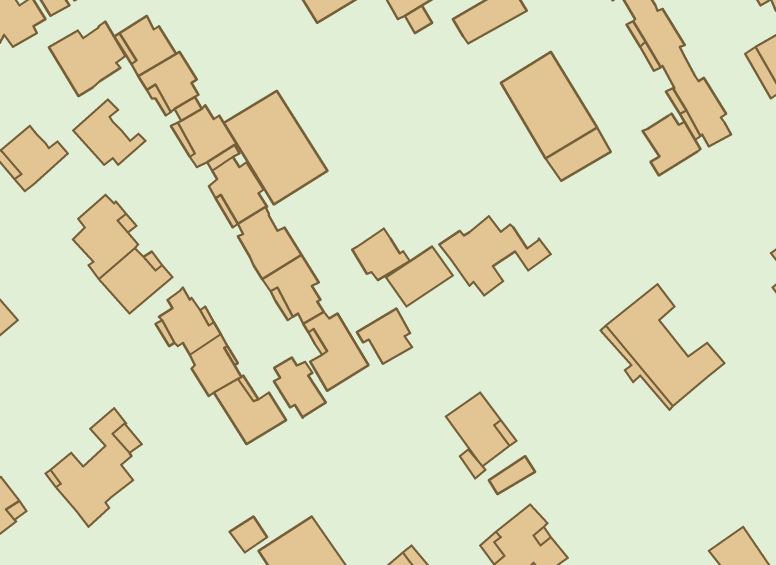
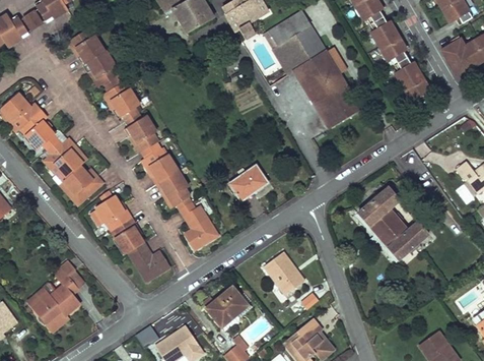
building: none -> [272,25,326,73]
building: [49,21,126,96] -> none
building: [224,91,328,204] -> none
building: [73,100,146,165] -> [20,110,63,148]
building: [642,114,701,176] -> none
building: [439,216,551,295] -> none
building: [352,229,410,280] -> none
building: [357,309,412,364] -> none
building: [274,358,326,418] -> none
building: none -> [208,289,256,329]

